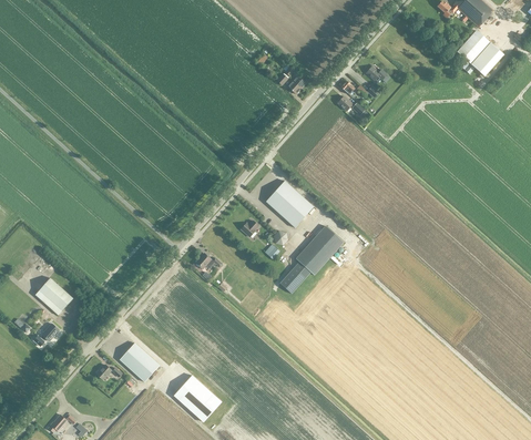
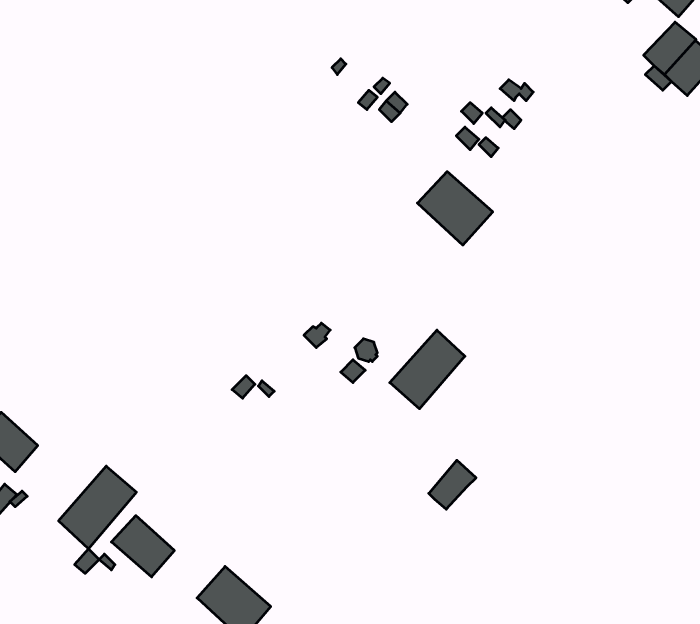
building: [265,181,313,227] -> [417,172,493,245]
building: [279,262,309,293] -> [429,460,476,509]
building: none -> [59,466,136,549]

